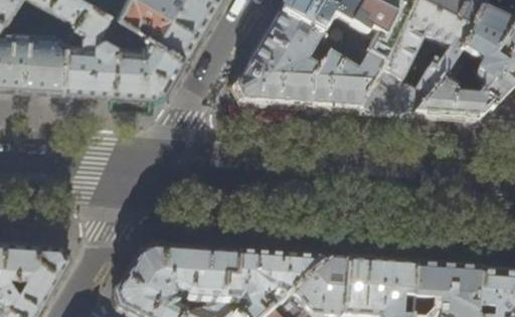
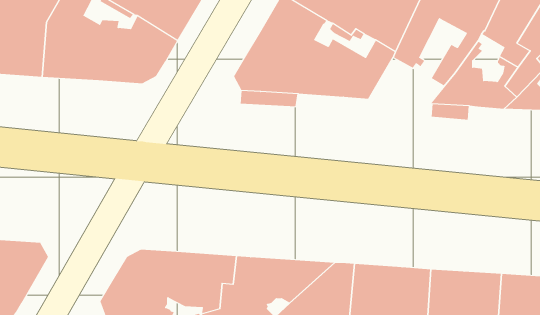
building: [357,71,425,114] -> none

